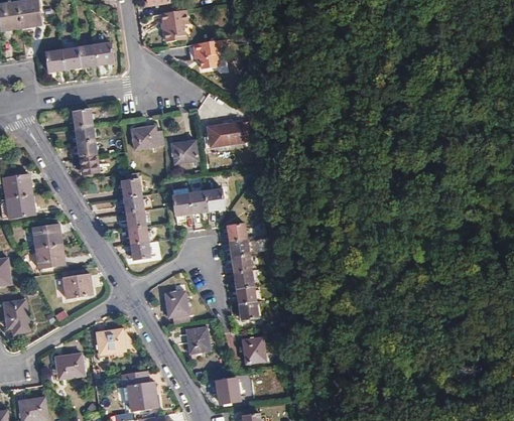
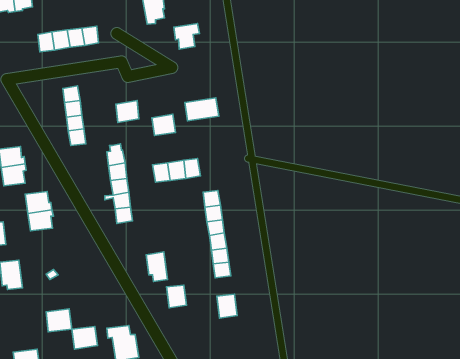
building: [63,275,93,298] -> none
building: [97,329,125,355] -> [72,326,98,349]
building: [217,378,240,404] -> none

